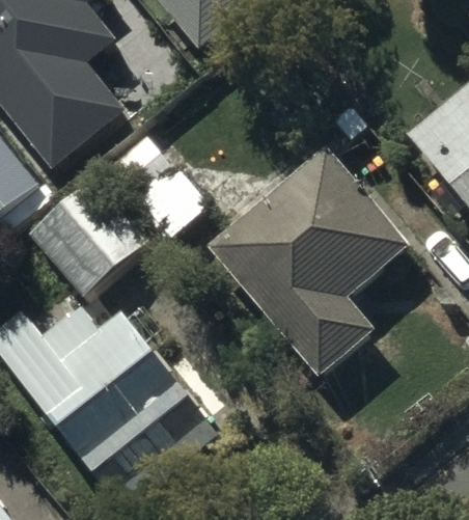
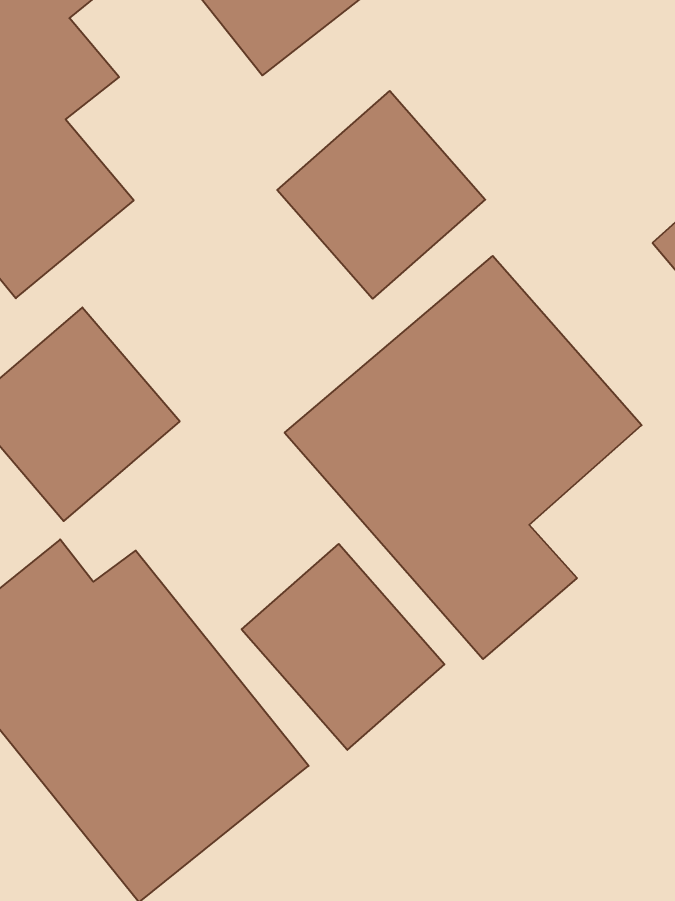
building: none -> [277,91,485,299]
building: none -> [242,544,444,750]

